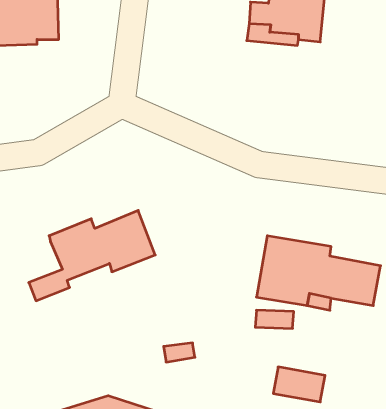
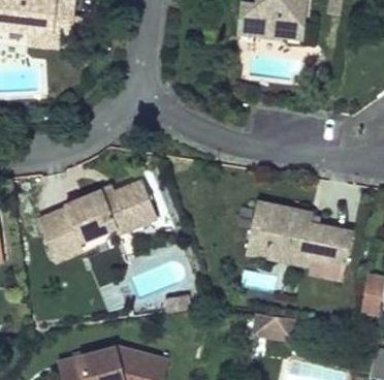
building: none -> [39,209,78,244]

